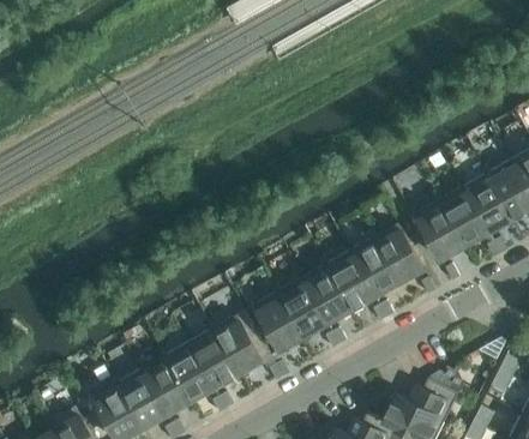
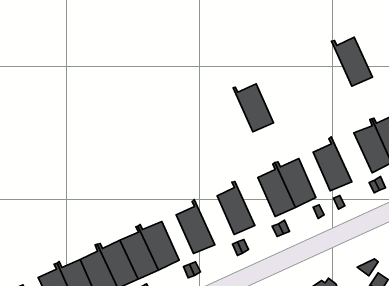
building: [435,187,489,247] -> [331,37,372,86]
building: [323,252,375,311] -> [233,84,273,132]
building: [275,278,327,338] -> none

